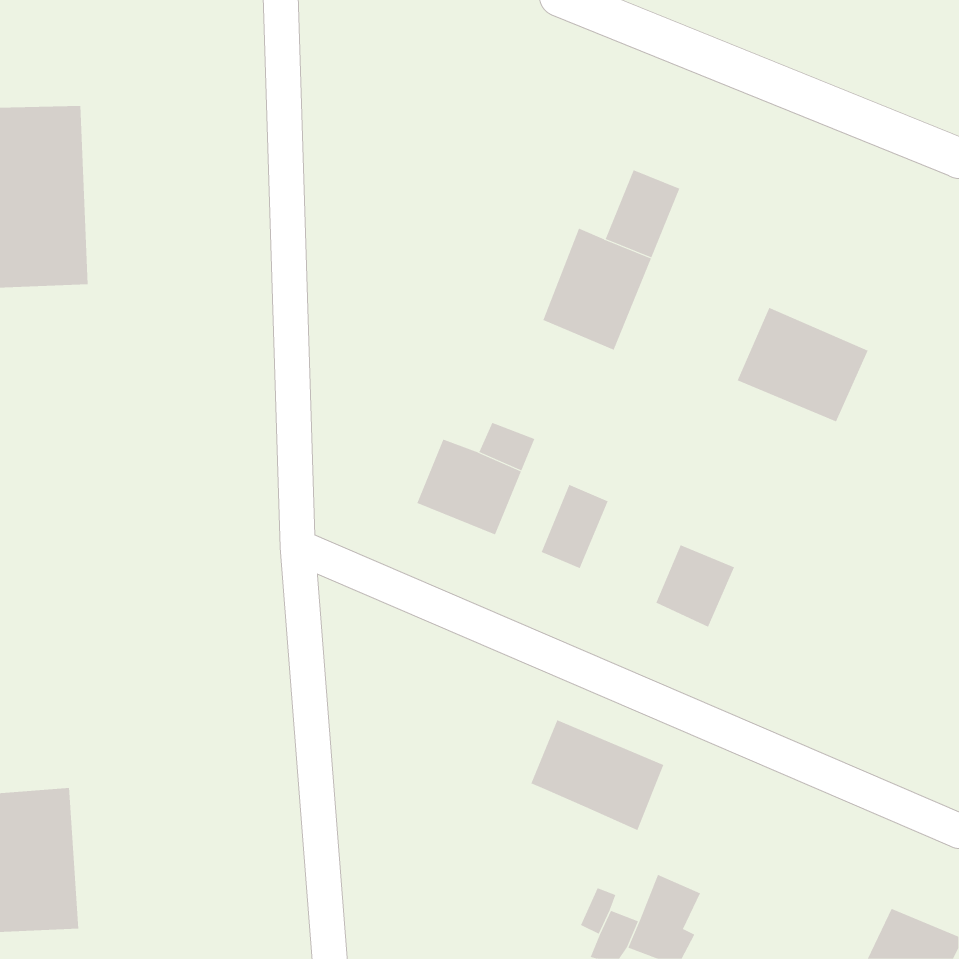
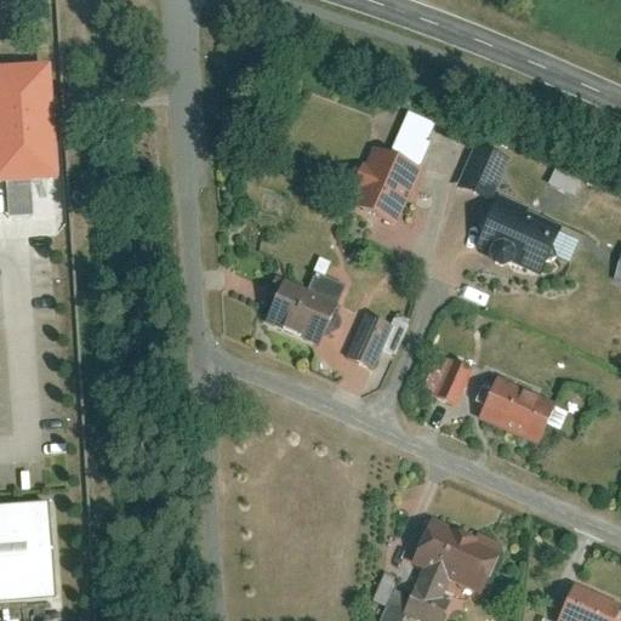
building: none -> [457,142,509,200]
building: none -> [479,378,570,443]
building: [530,720,664,831] -> [415,518,501,589]

